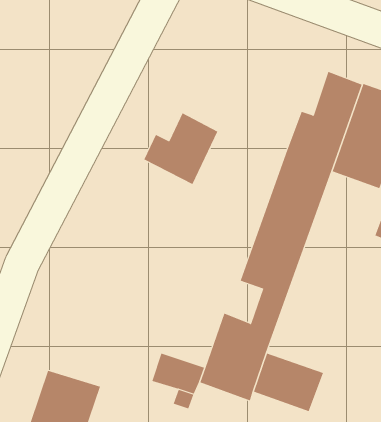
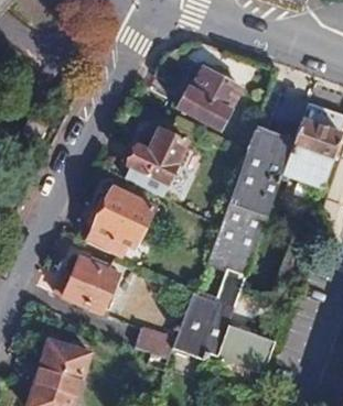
building: none -> [178,67,242,130]
building: none -> [87,186,156,257]
building: none -> [54,256,119,314]

